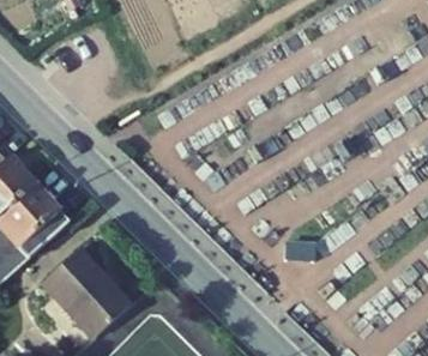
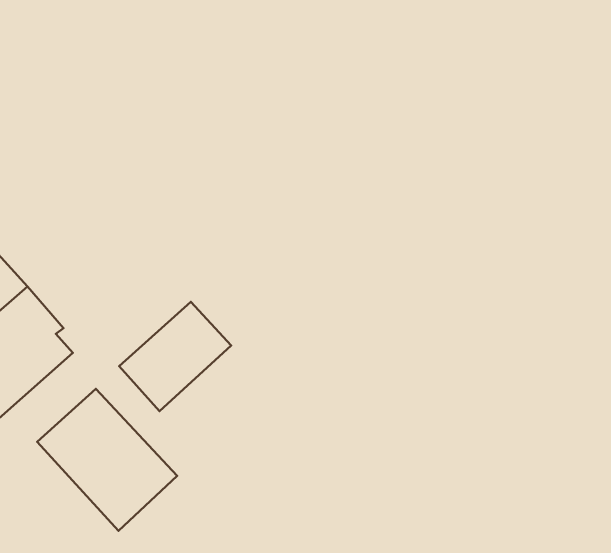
building: none -> [119,302,231,411]

